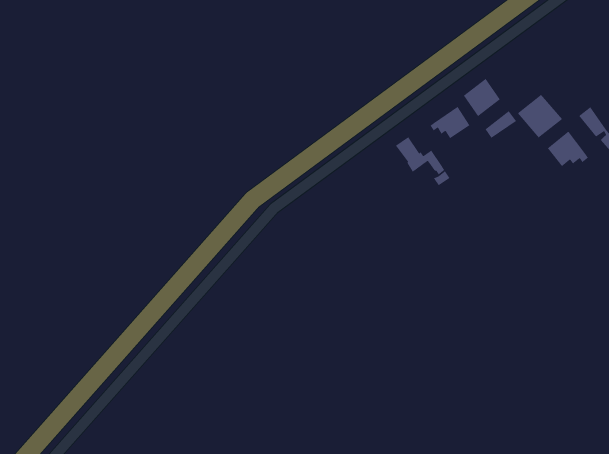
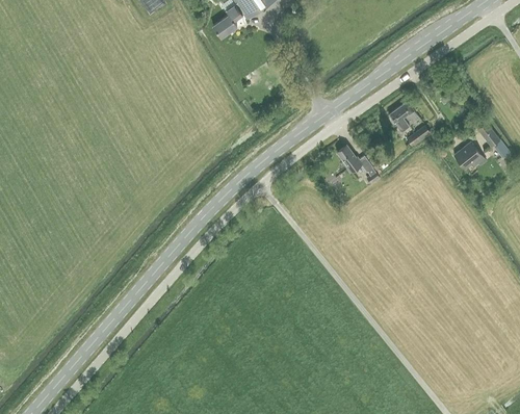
building: [517,94,563,138] -> none
building: [429,106,470,139] -> none

